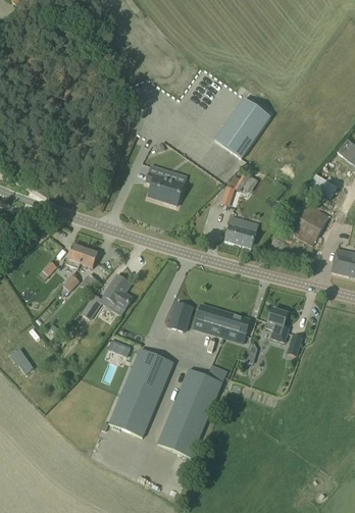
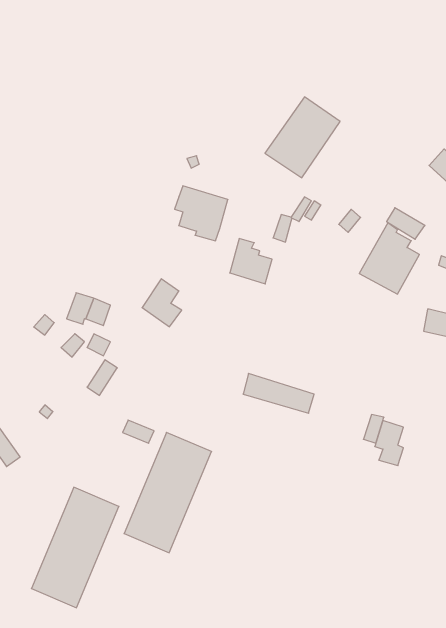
building: [224,215,256,249] -> [230,239,272,284]
building: [103,274,133,310] -> [142,279,182,327]
building: [168,302,192,331] -> none
building: [266,308,288,342] -> [375,420,403,466]
building: [157,368,222,458] -> [31,487,119,608]

